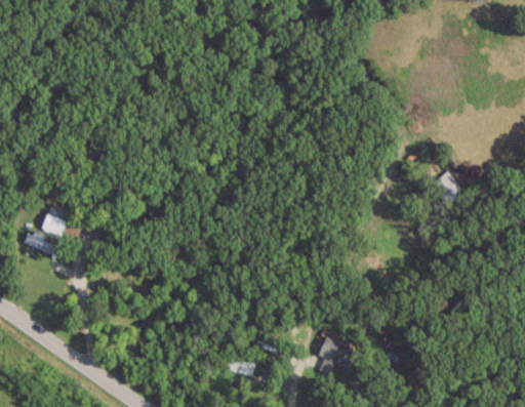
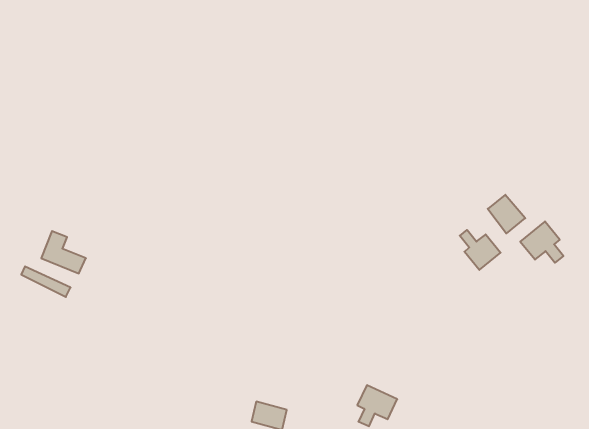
building: none -> [520,221,563,263]
building: none -> [460,230,501,270]

